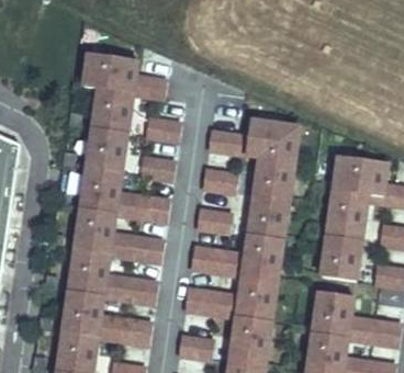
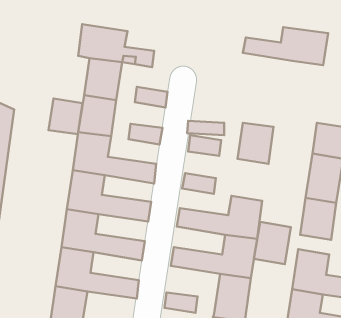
building: [207,120,299,160] -> [243,27,328,65]
building: none -> [49,99,83,134]
building: [248,194,288,239] -> [254,222,291,264]

